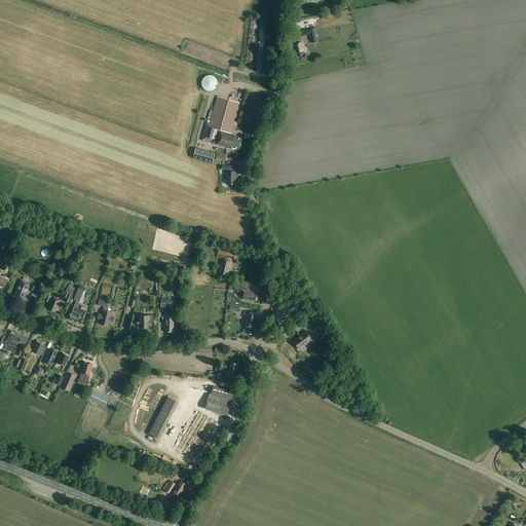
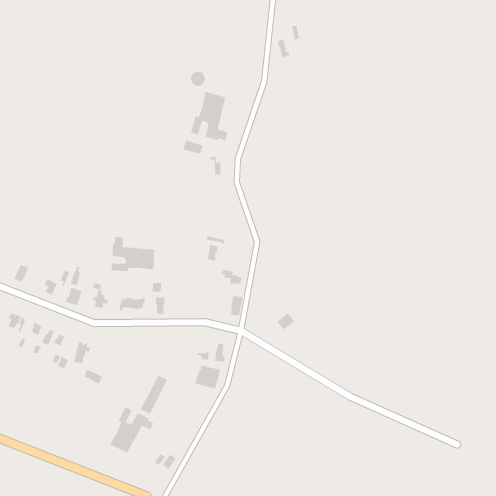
building: none -> [111,236,155,272]
building: none -> [109,406,154,454]

